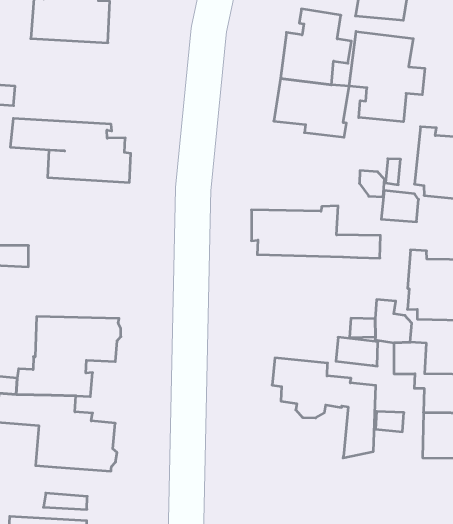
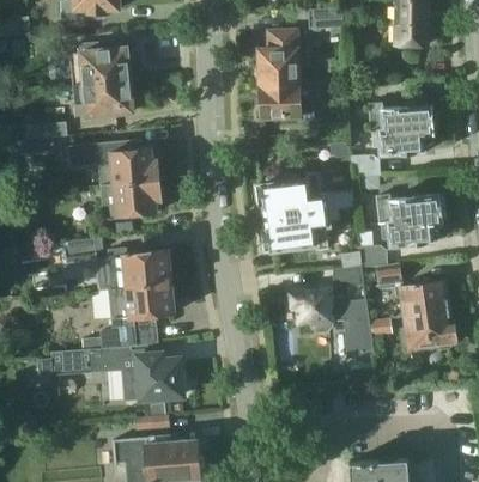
building: [349,31,425,122] -> none
building: none -> [72,79,133,117]
building: none -> [101,179,163,216]
building: none -> [261,208,340,252]
building: none -> [96,249,171,291]

